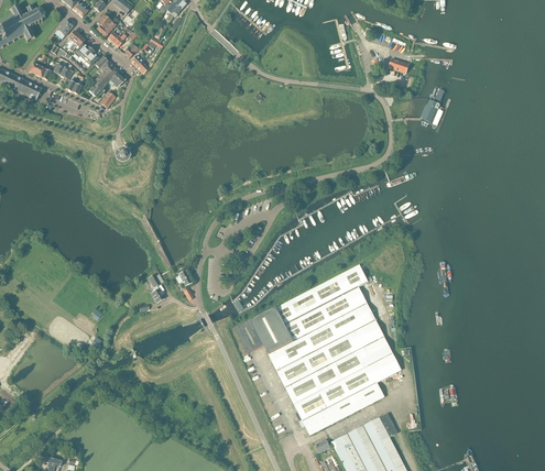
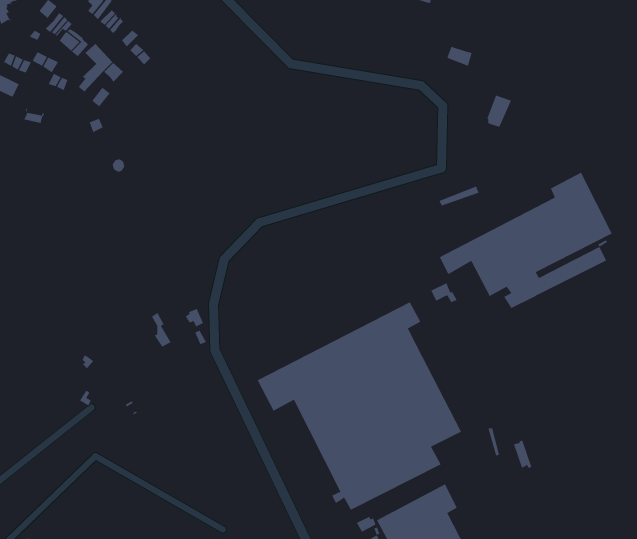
building: none -> [439,172,612,309]

